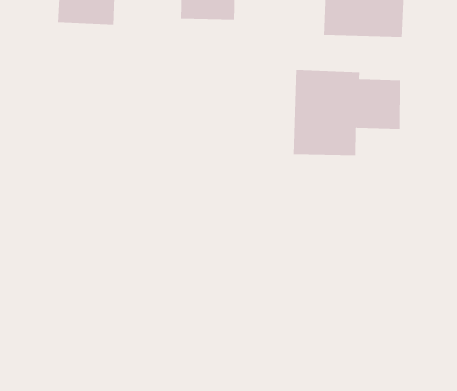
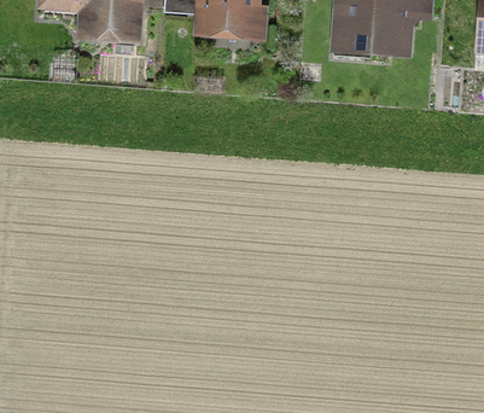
building: [293,69,401,156] -> none

